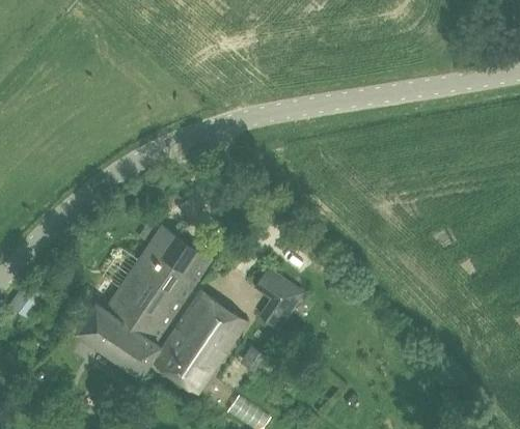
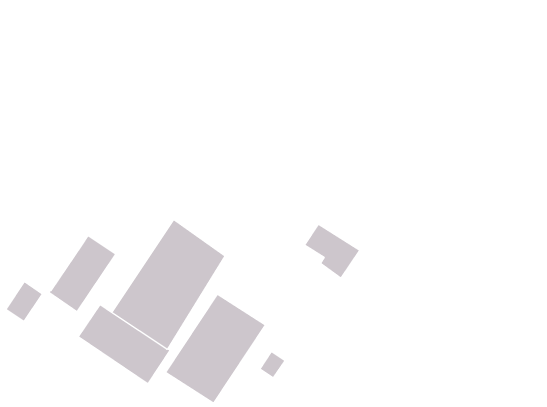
building: none -> [49,235,116,312]
building: [253,266,303,315] -> [305,224,360,278]

